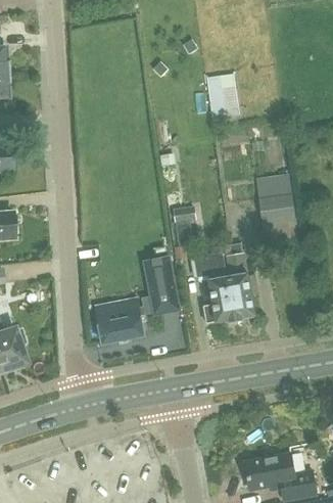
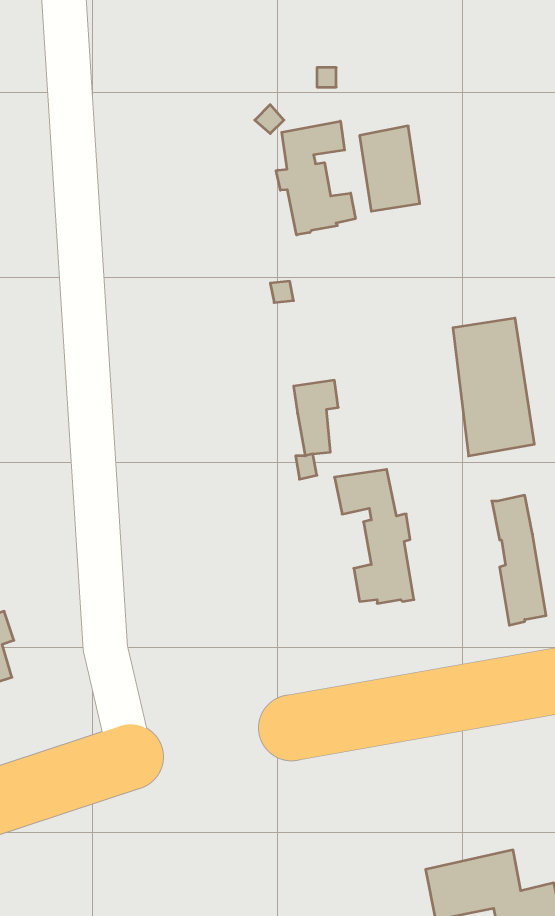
building: none -> [276,121,355,235]
building: [227,253,255,321] -> [492,495,546,625]
building: [95,257,180,345] -> none

